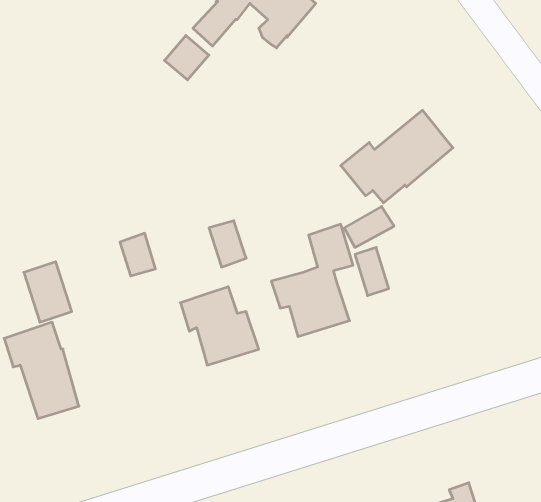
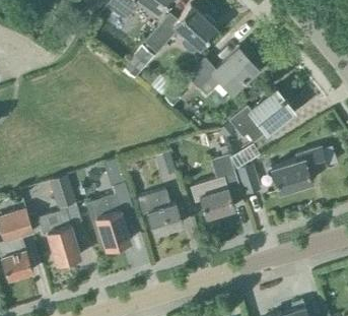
building: none -> [187,48,257,96]
building: none -> [271,148,328,193]
building: none -> [86,195,131,250]

